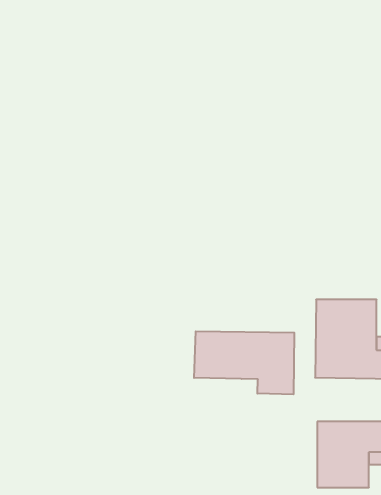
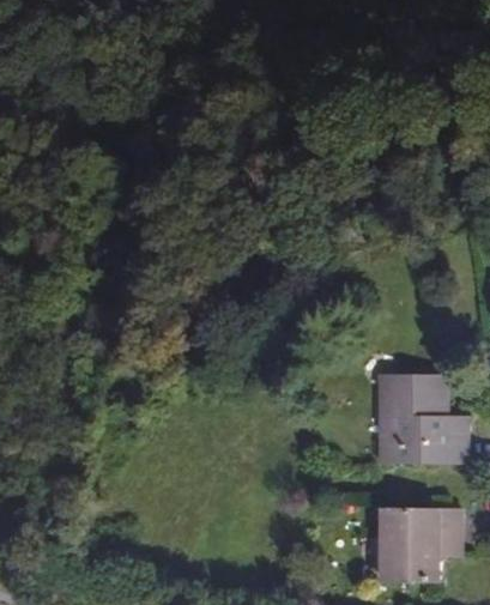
building: [194,331,294,394] -> none

